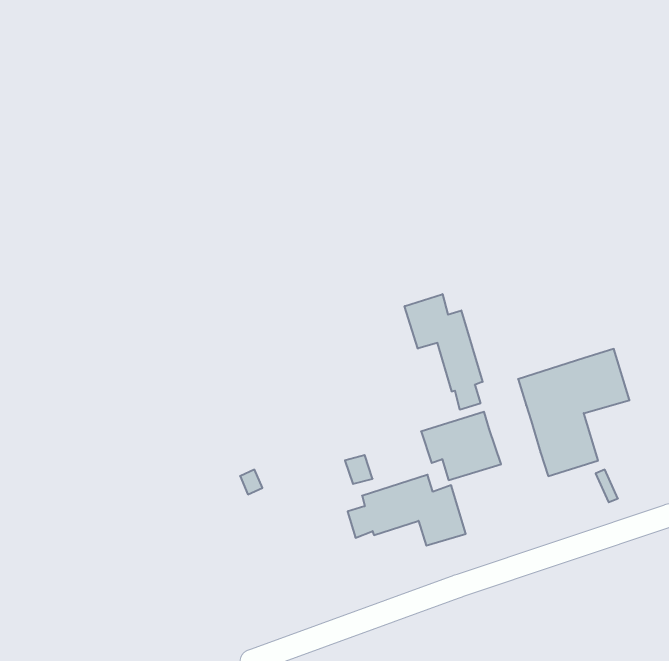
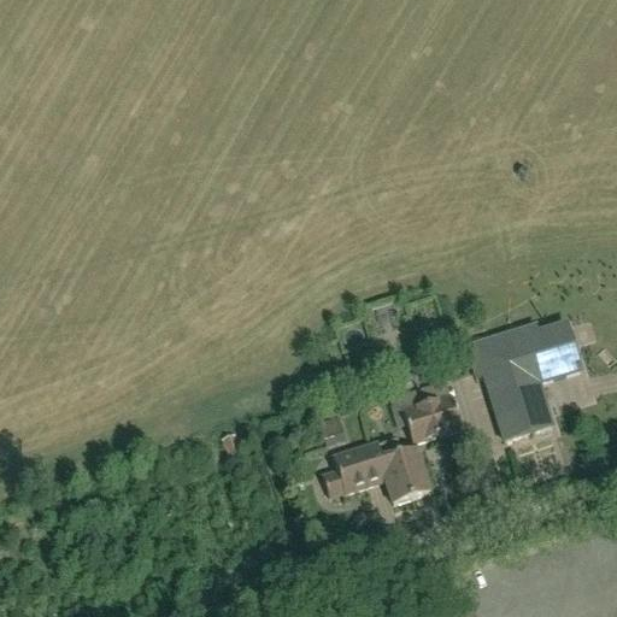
building: [405,294,483,410] -> none

